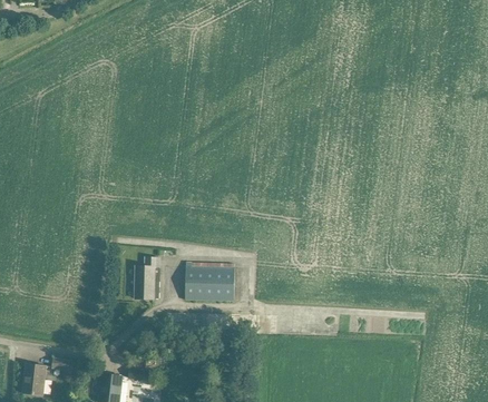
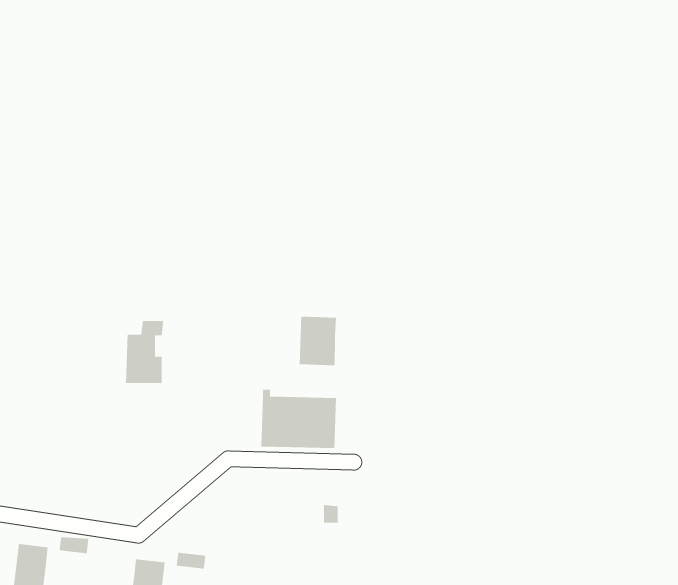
building: none -> [299,316,336,366]
building: [135,257,160,298] -> [125,321,164,383]

